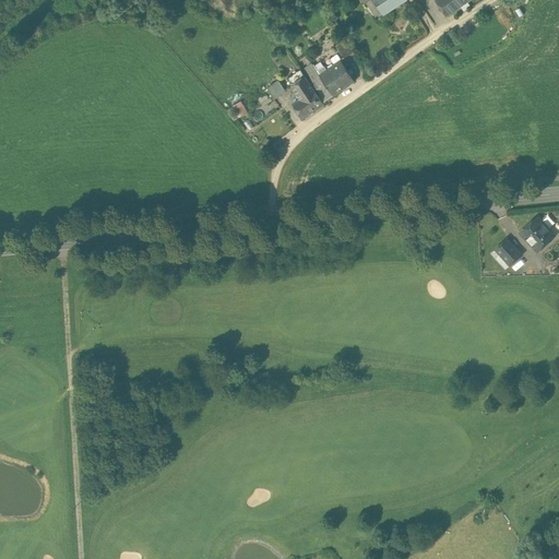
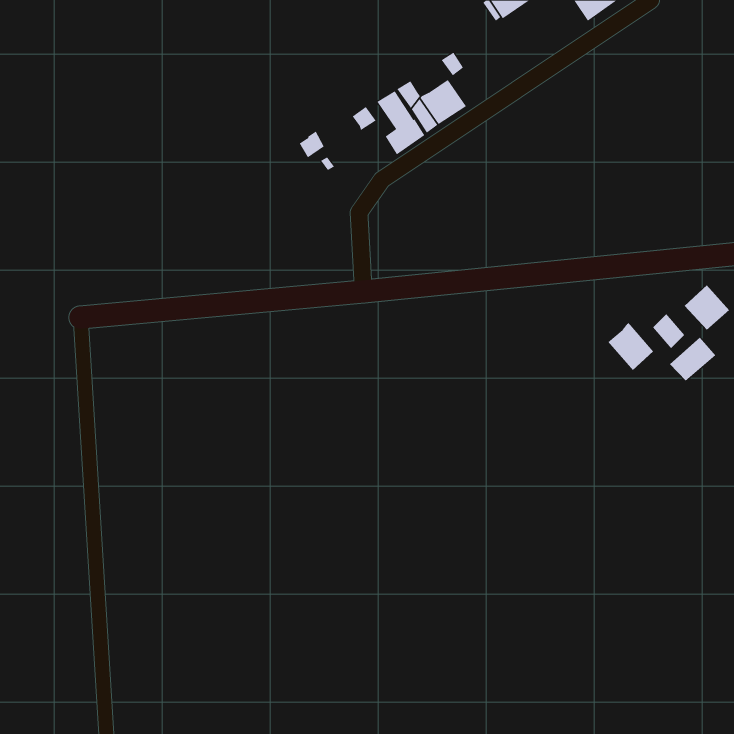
building: none -> [608,322,654,371]
building: none -> [669,337,716,382]

